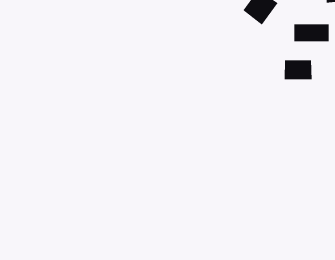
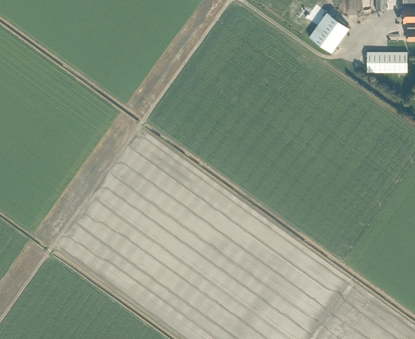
building: [284,60,312,80] -> none

